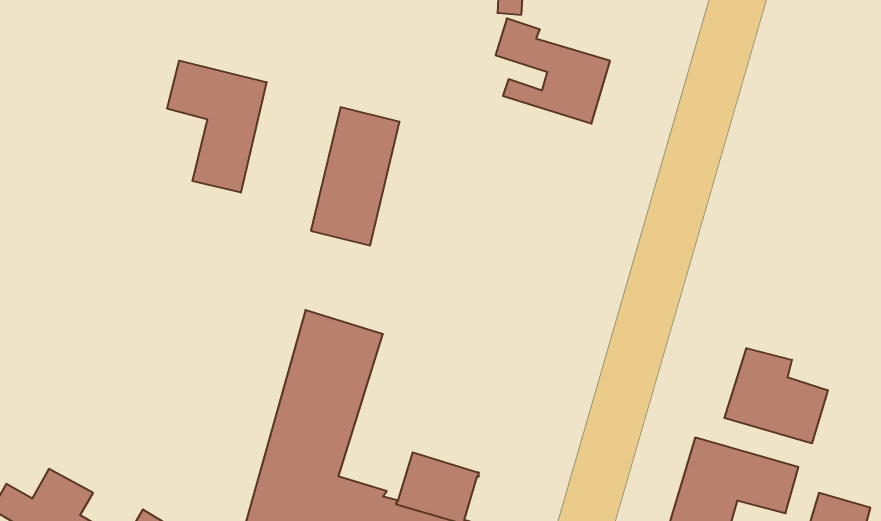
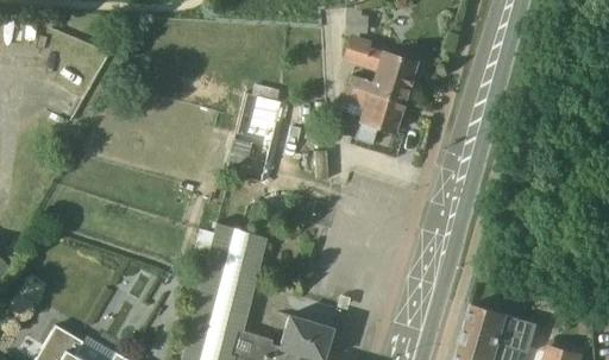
building: [167,61,267,193] -> none
building: none -> [343,84,406,144]
building: [724,348,828,443] -> none

